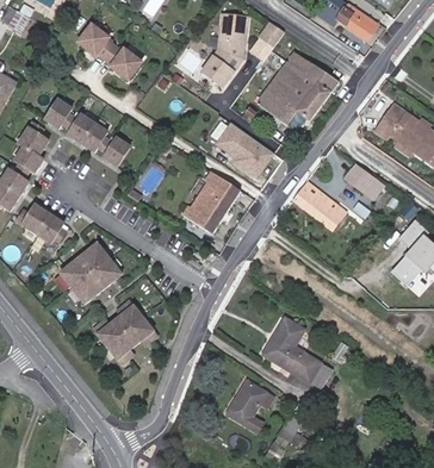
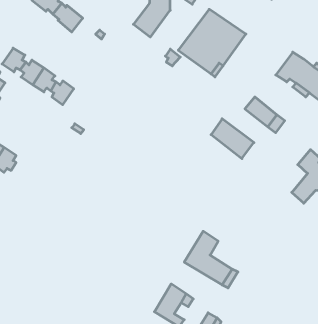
building: [216,121,271,175] -> none
building: [180,168,237,230] -> none
building: [55,248,117,307] -> none
building: [91,306,150,367] -> none

